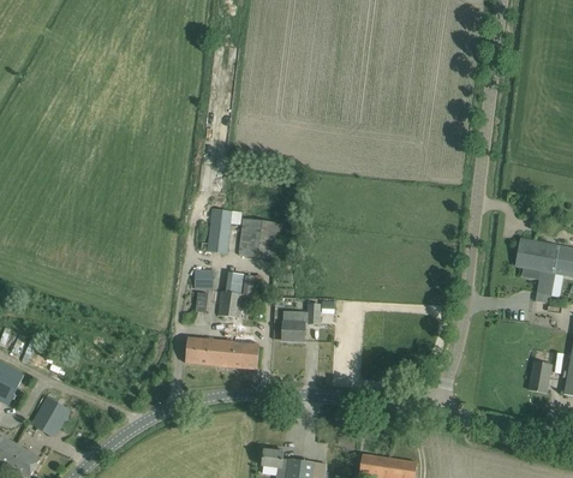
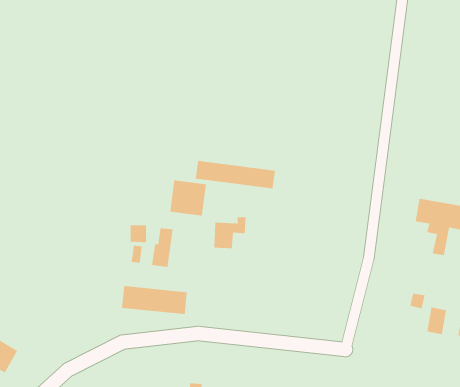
building: none -> [195,160,275,189]
building: [208,207,232,253] -> none
building: [282,304,320,340] -> [213,217,246,249]

